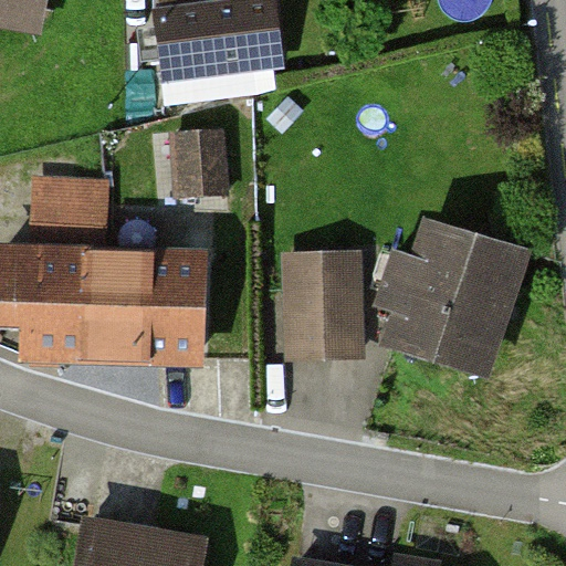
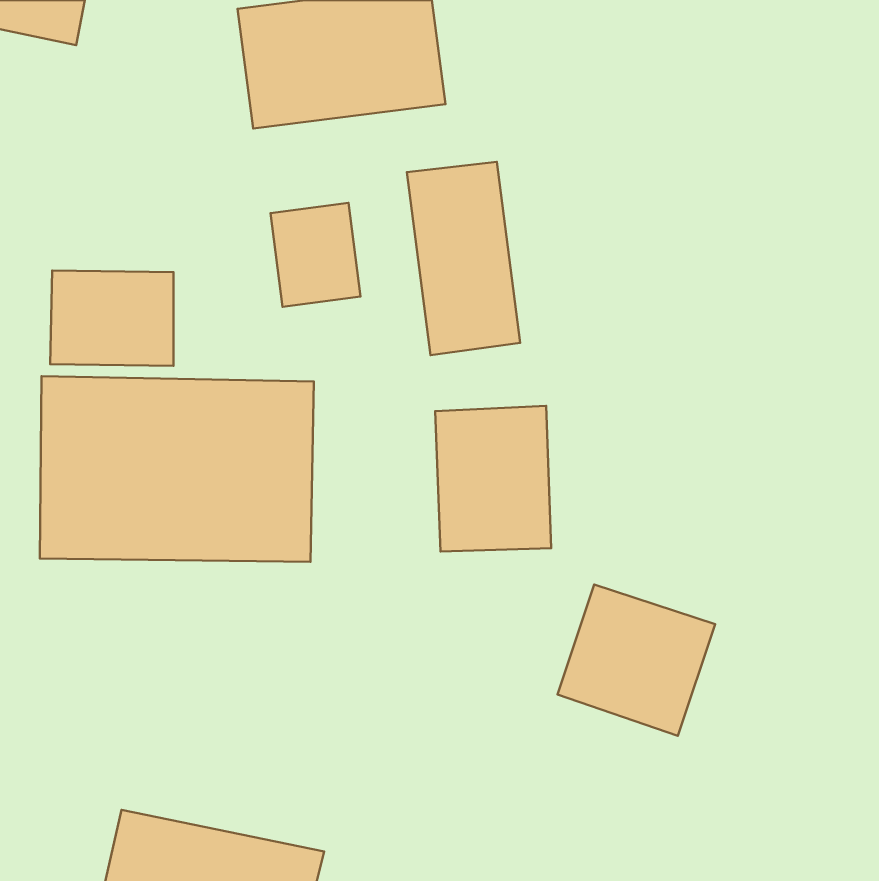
building: none -> [407,162,520,355]
building: [382,220,521,368] -> none
building: none -> [557,585,715,736]

